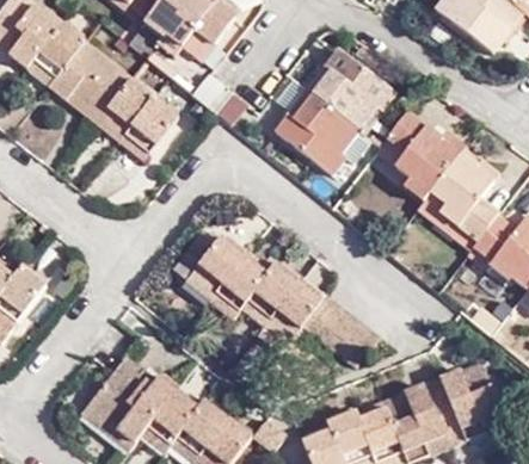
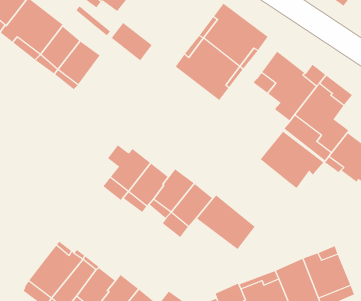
building: none -> [260,131,324,189]

